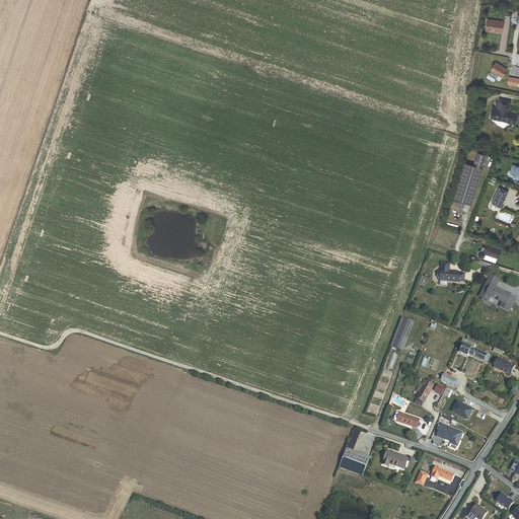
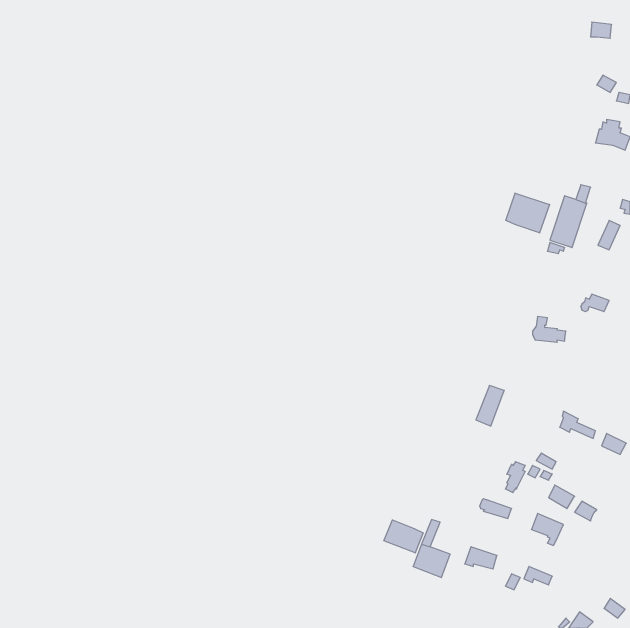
building: none -> [506,193,550,233]
building: [479,275,513,309] -> none
building: none -> [384,520,423,553]

